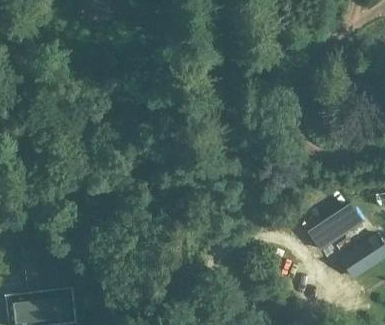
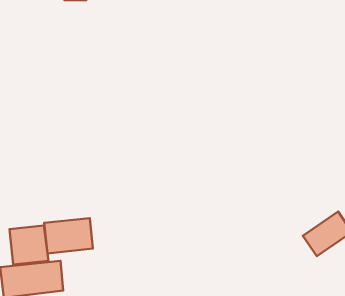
building: [306,209,352,250] -> none
building: none -> [44,218,93,253]

